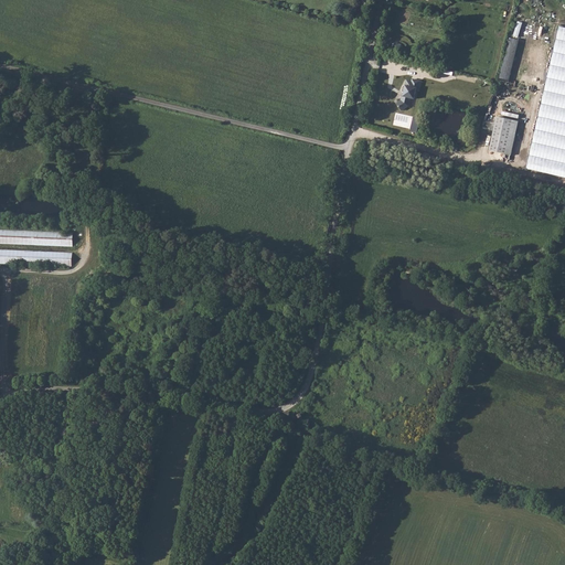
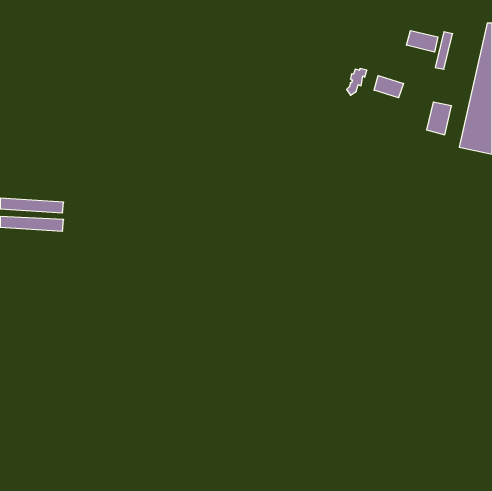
building: none -> [407,31,438,52]
building: none -> [374,76,403,98]

